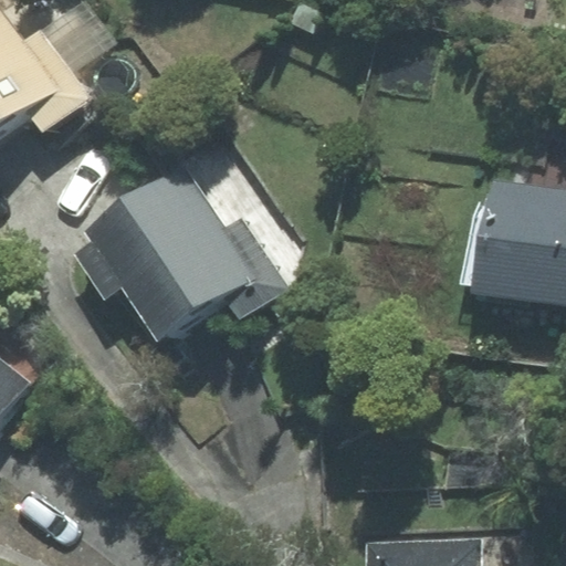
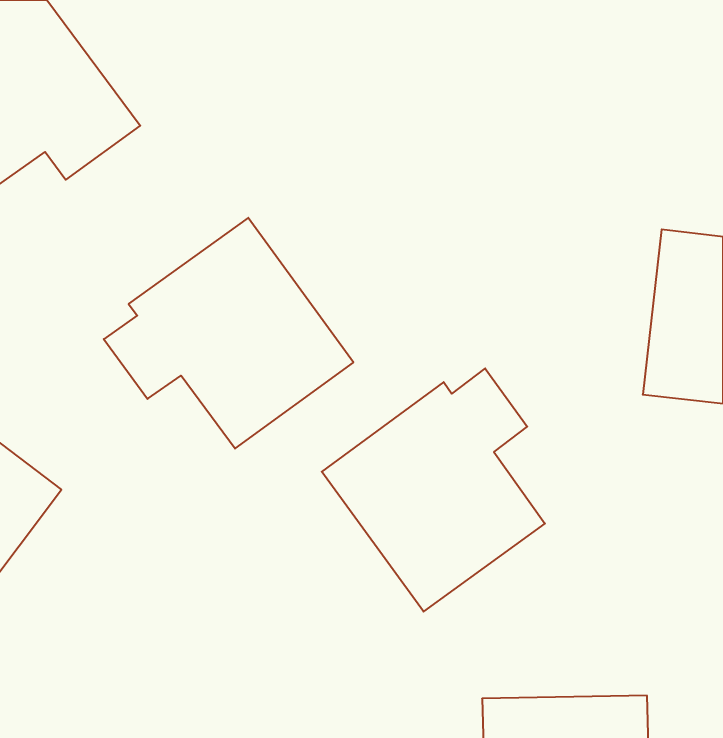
building: none -> [322,368,545,612]

